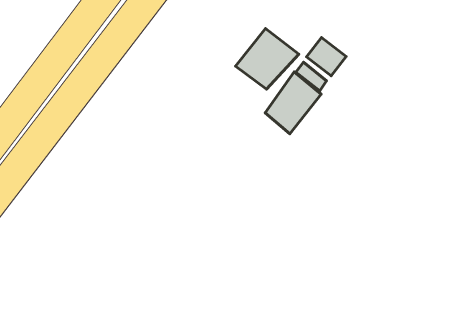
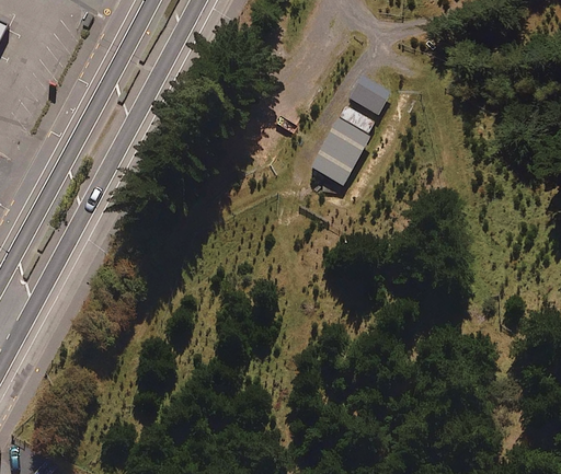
building: [236,28,299,89] -> none

